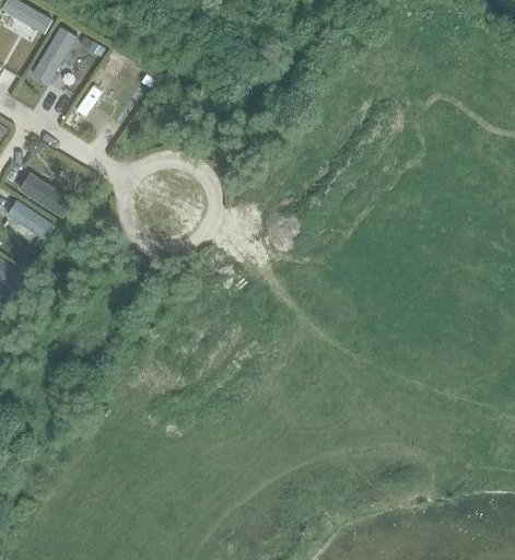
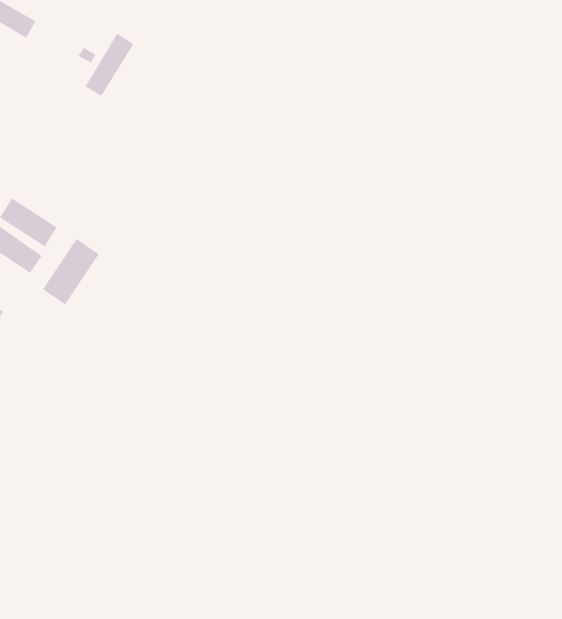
building: [32,25,75,81] -> [84,33,134,96]
building: none -> [42,238,99,305]

